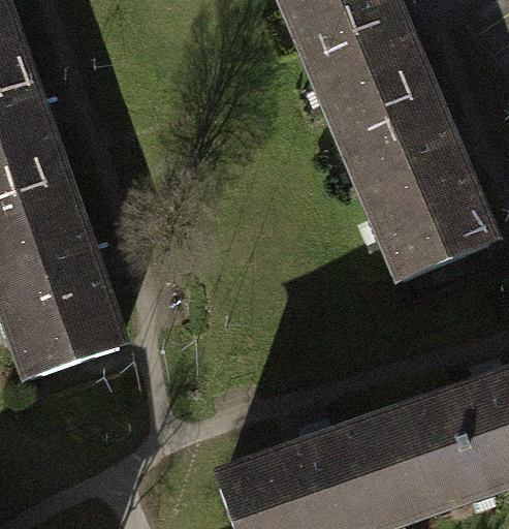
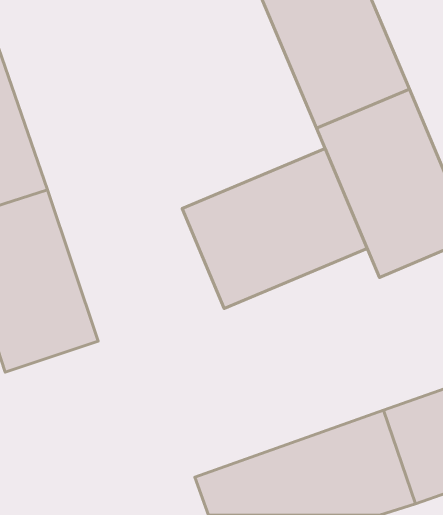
building: none -> [182,148,367,308]

